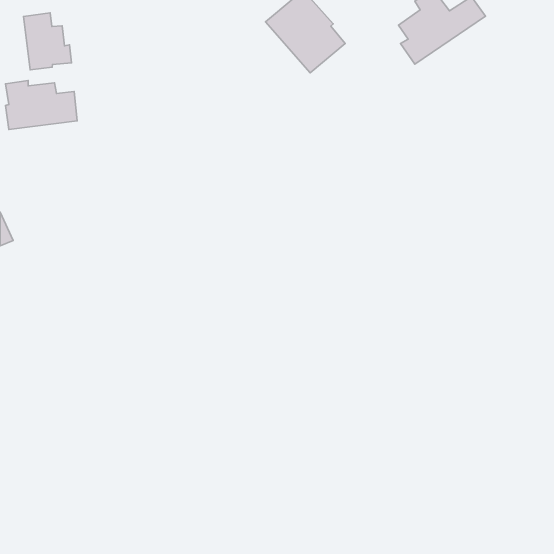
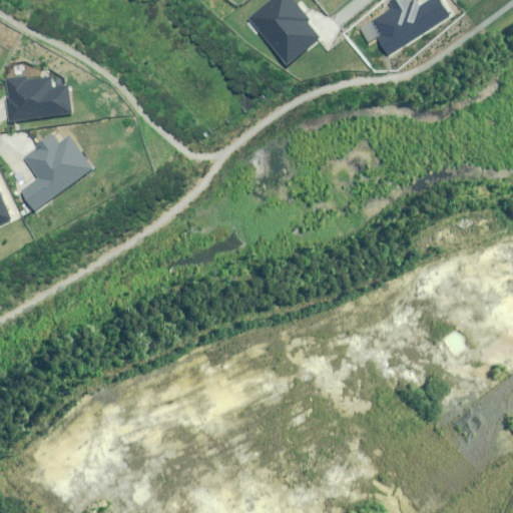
building: [23,13,71,70] -> none
building: none -> [20,132,93,207]

